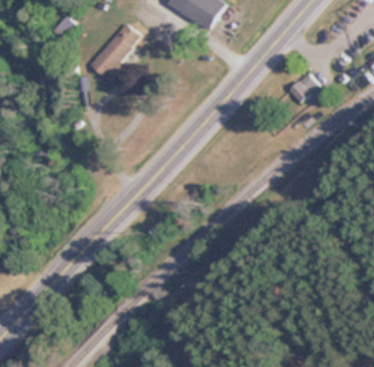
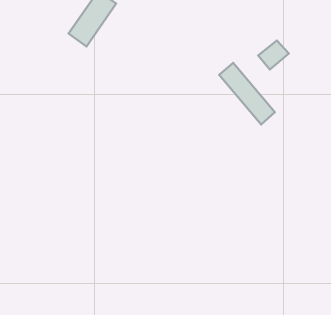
building: none -> [219,63,275,124]

